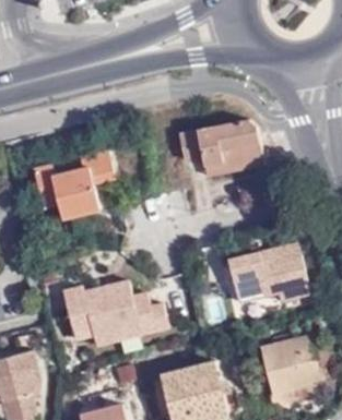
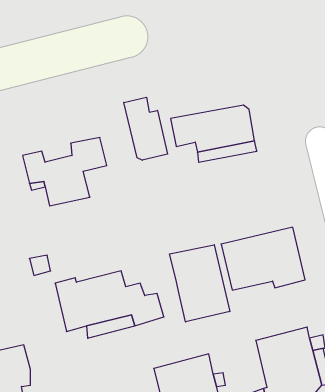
building: none -> [124,97,167,160]
building: none -> [170,245,230,322]

